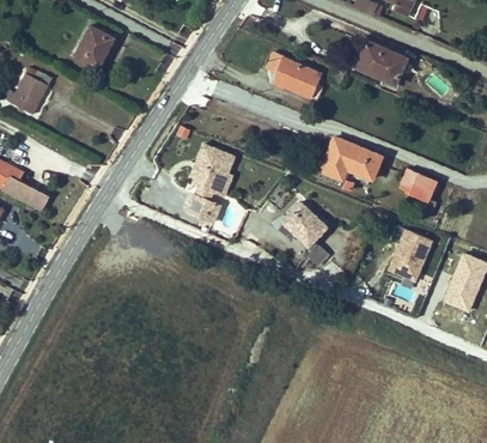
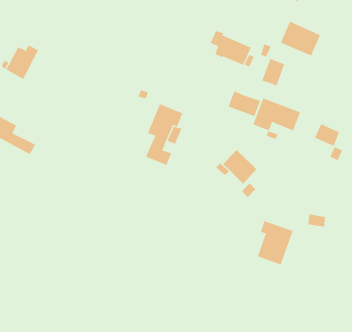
building: [73,24,115,69] -> none
building: none -> [262,58,285,86]
building: none -> [228,90,261,117]
building: [386,227,432,284] -> [257,220,293,265]

